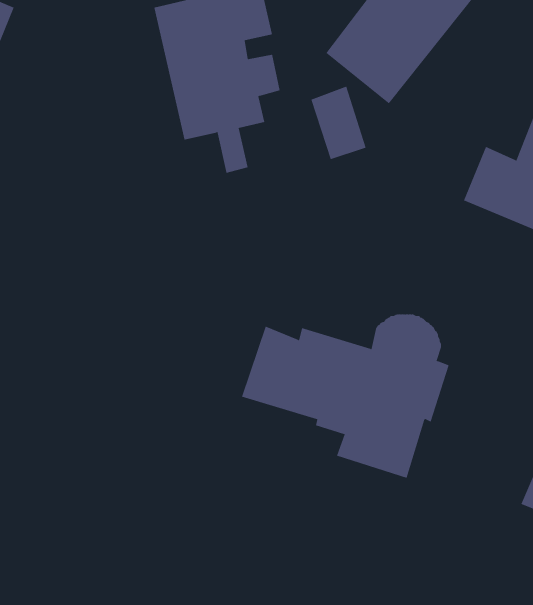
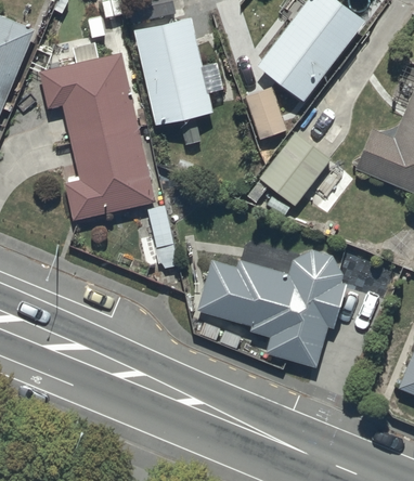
building: none -> [38,43,155,221]
building: none -> [246,130,332,216]

